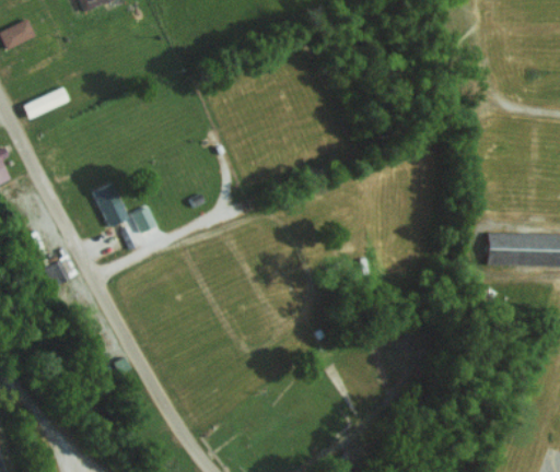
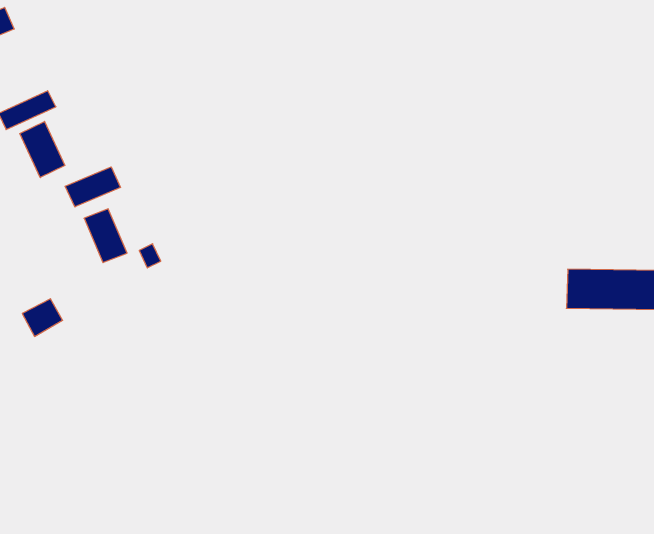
building: none -> [20,121,65,178]
building: none -> [65,167,121,207]

